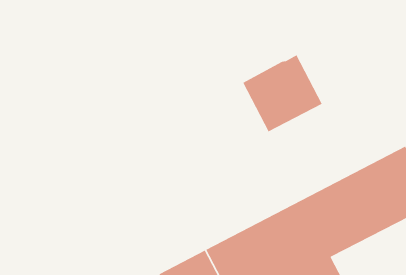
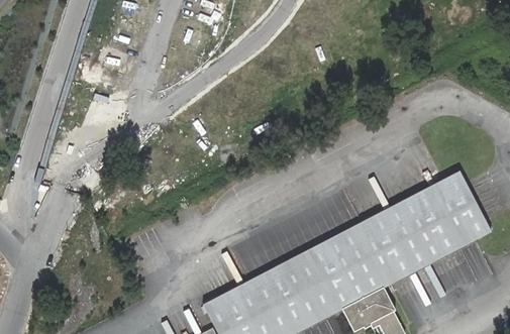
building: [242,54,323,133] -> none

